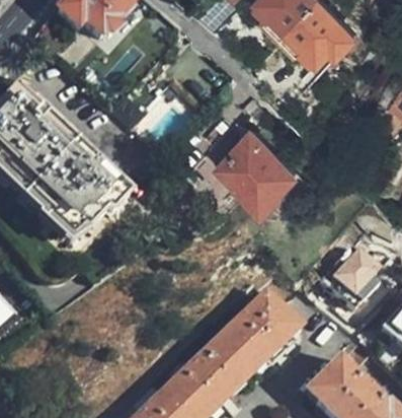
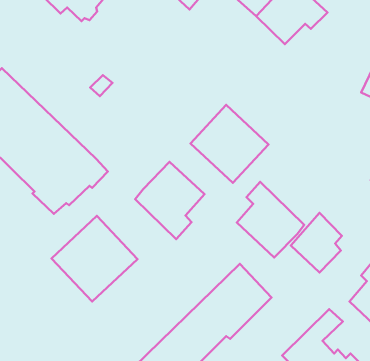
building: none -> [135,162,205,239]
building: none -> [237,182,304,257]
building: none -> [51,216,137,302]

